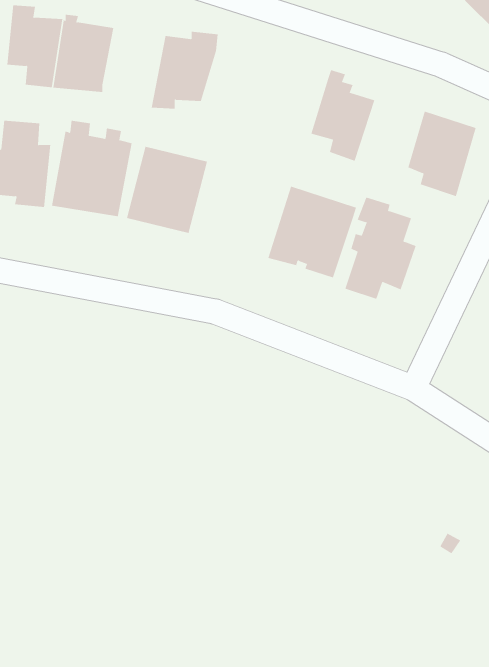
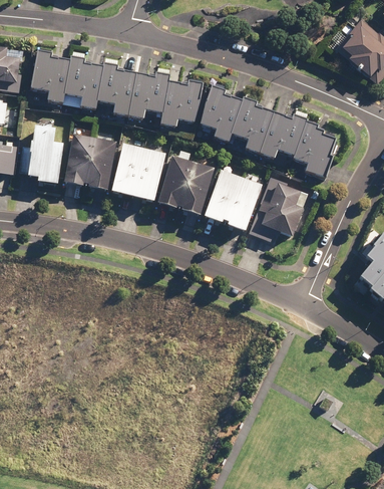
building: none -> [98,66,138,118]
building: none -> [162,78,245,141]
building: none -> [263,113,308,158]
building: none -> [160,158,215,216]

